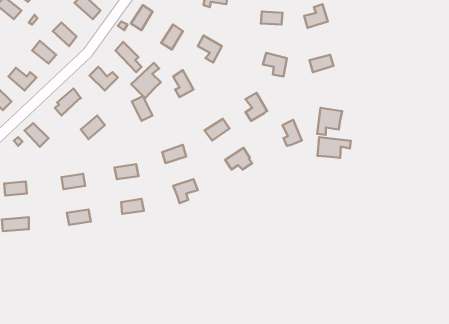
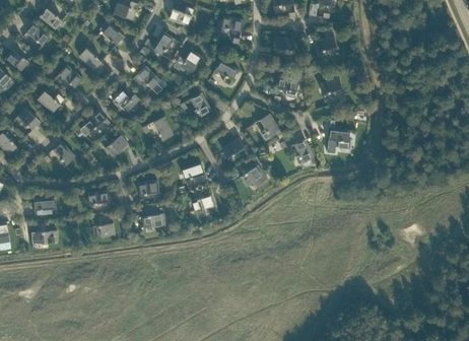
building: [131,63,161,98] -> none
building: [317,137,351,158] -> none

